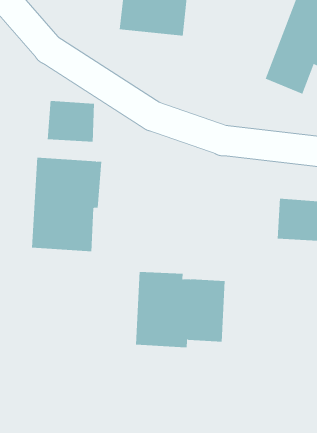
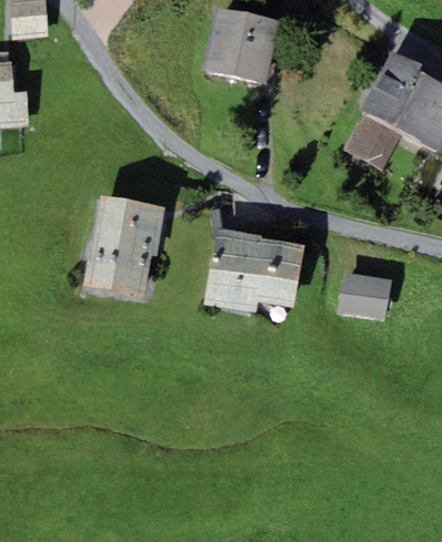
building: [47,100,95,142] -> none
building: [135,272,226,348] -> [203,224,304,308]

